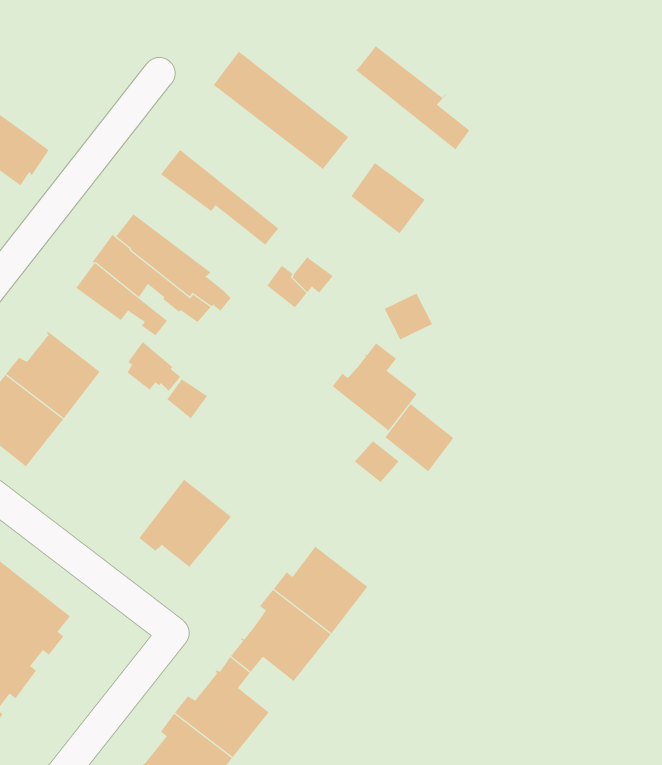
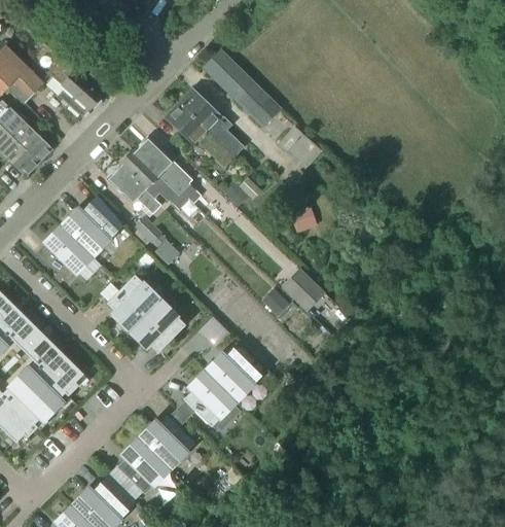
building: [356,46,470,150] -> [179,91,243,157]
building: [332,342,417,431] -> none
building: none -> [106,275,159,331]

